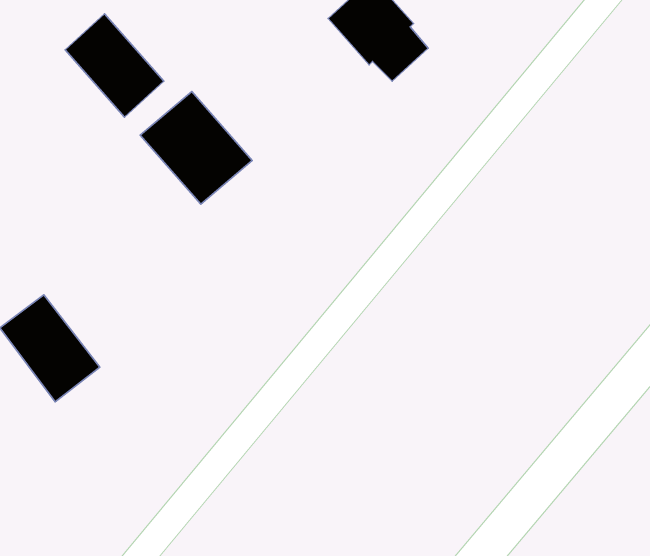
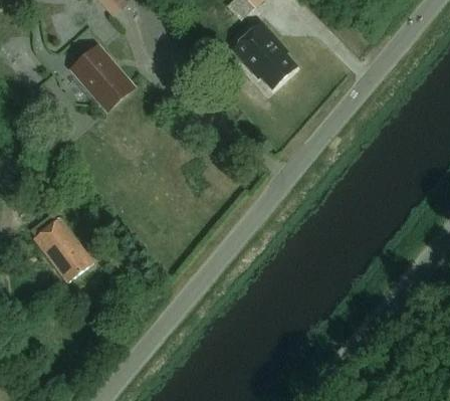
building: [140,92,252,204] -> none

